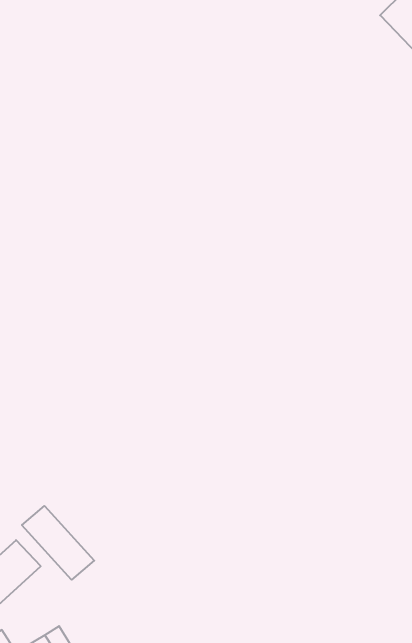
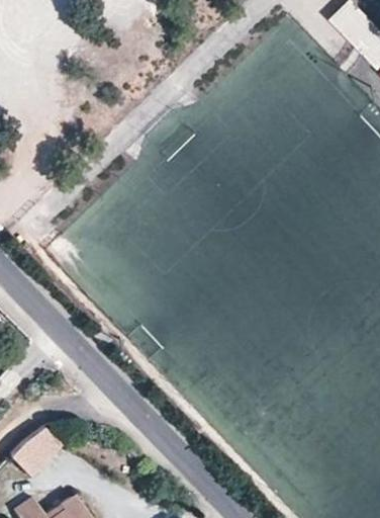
building: [22,506,94,580] -> none

